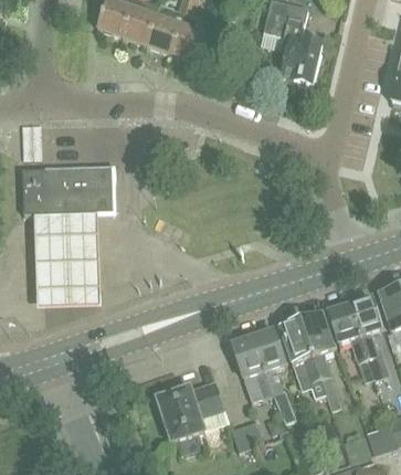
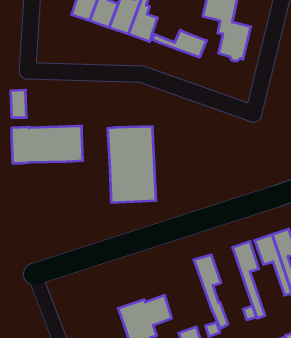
building: none -> [152,30,207,57]
building: [35,211,96,306] -> [108,127,156,202]
building: [279,319,324,394] -> none
building: [231,335,272,400] -> none

